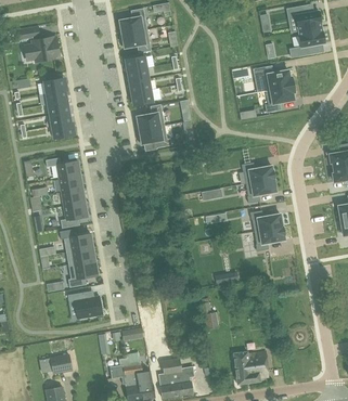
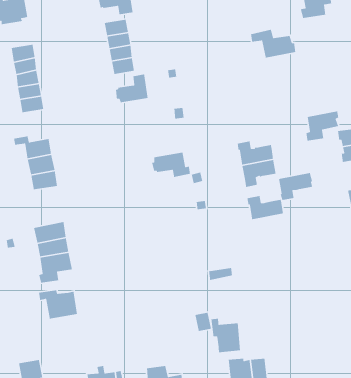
building: [265,86,294,113] -> [306,110,339,141]
building: [137,125,171,148] -> [151,150,191,178]
building: [60,203,87,229] -> none
building: [254,227,284,251] -> [278,172,313,201]
building: none -> [211,318,241,353]

